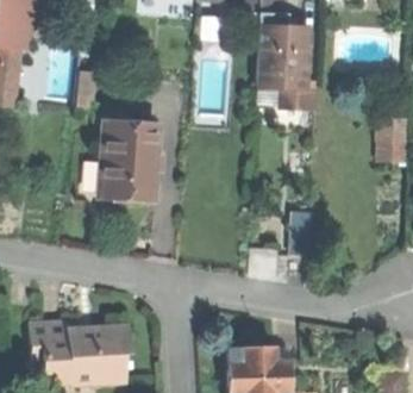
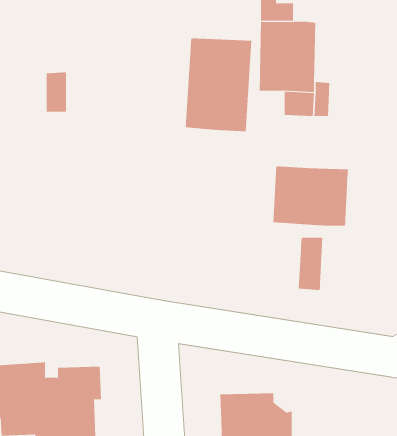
building: [100,121,157,201] -> [185,38,252,132]
building: none -> [273,165,349,227]

